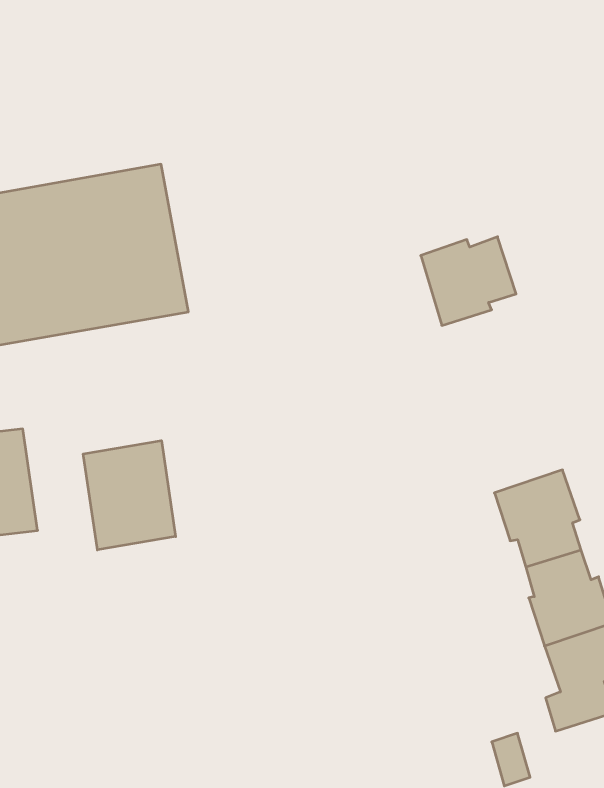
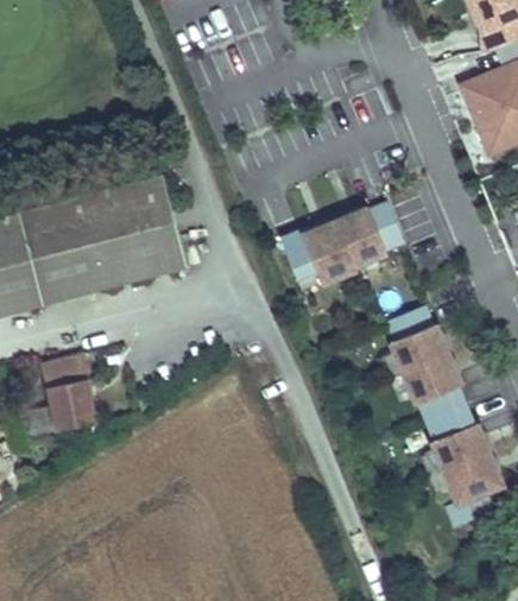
building: none -> [282,217,359,280]
building: none -> [385,304,446,371]
building: [83,441,176,550] -> none

